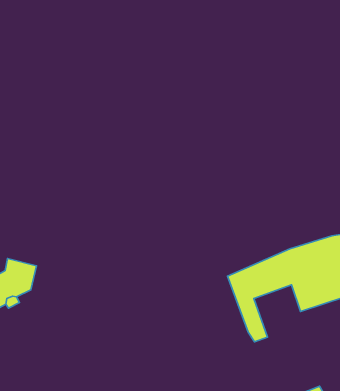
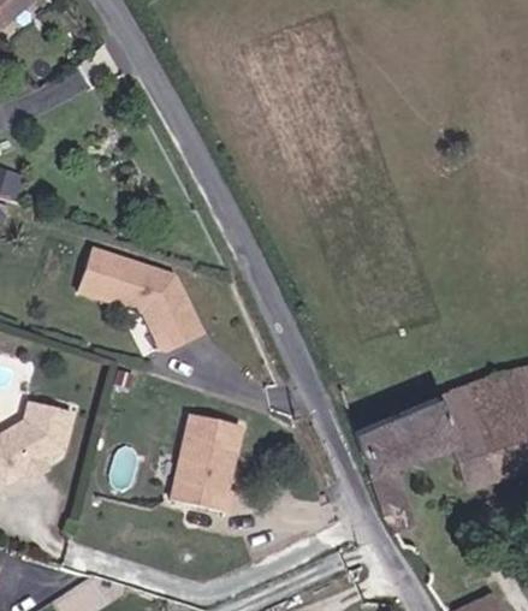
building: none -> [79,248,203,349]
building: none -> [171,415,241,514]

